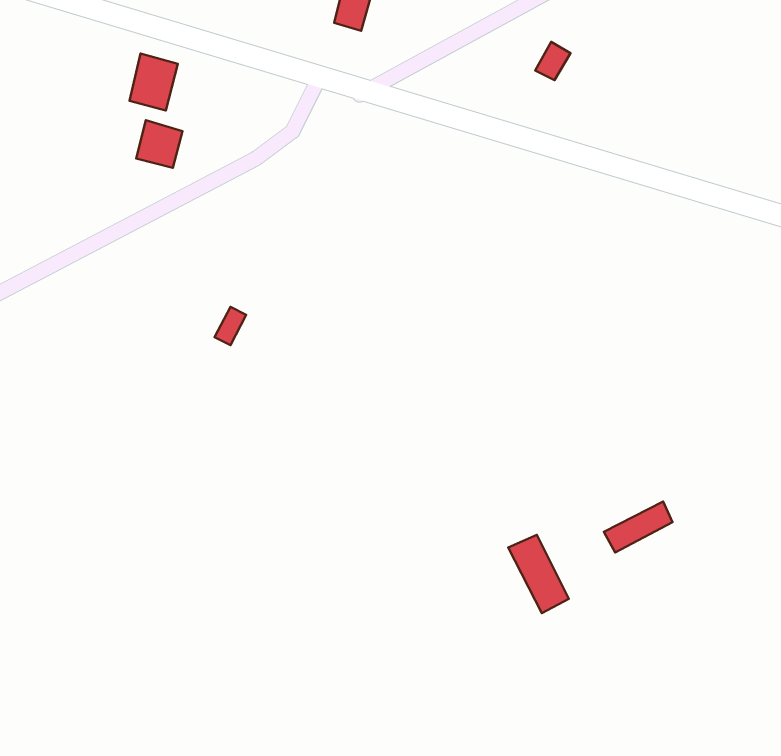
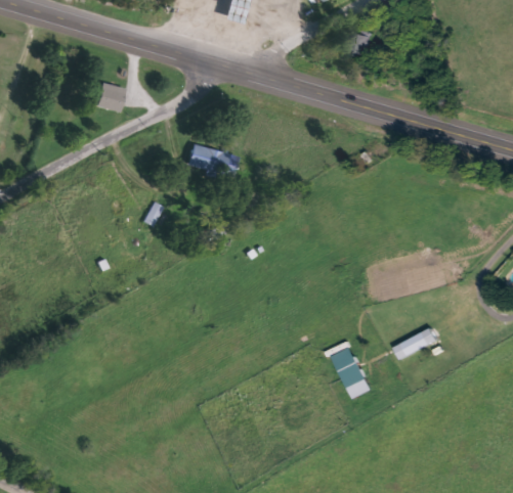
building: [130,53,178,110] -> none
building: none -> [186,144,237,176]

